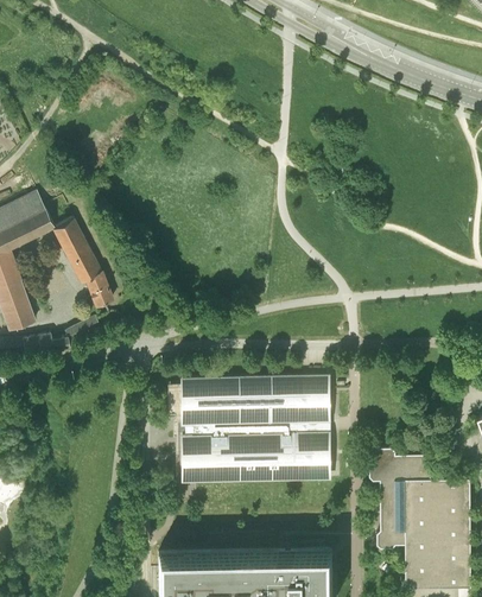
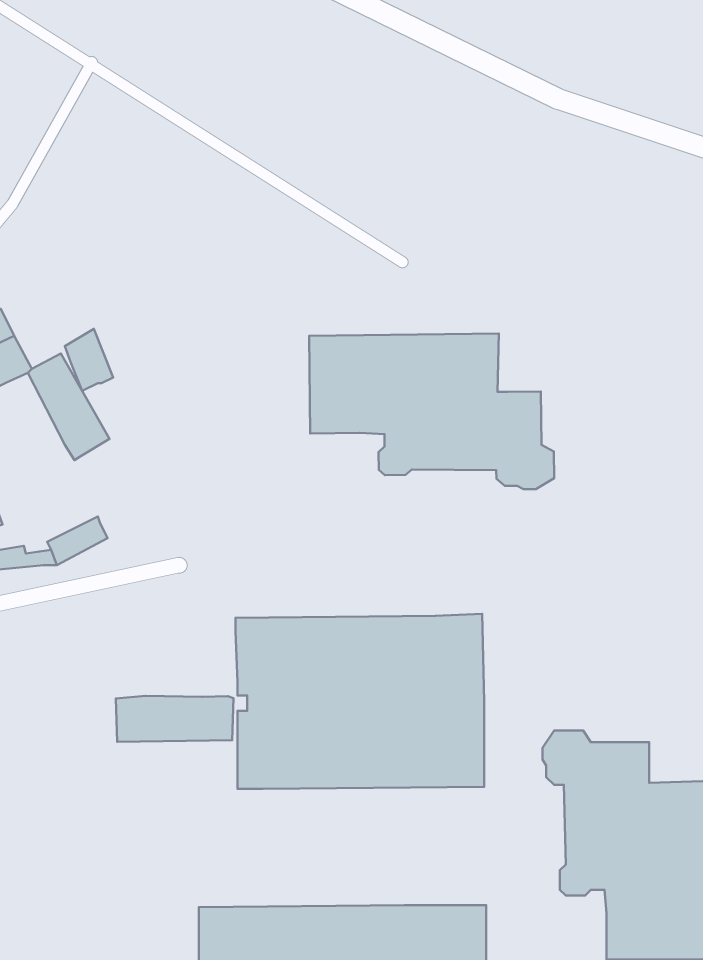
building: none -> [309,333,554,489]
building: [84,269,114,307] -> [65,329,113,391]
building: none -> [116,696,234,742]

